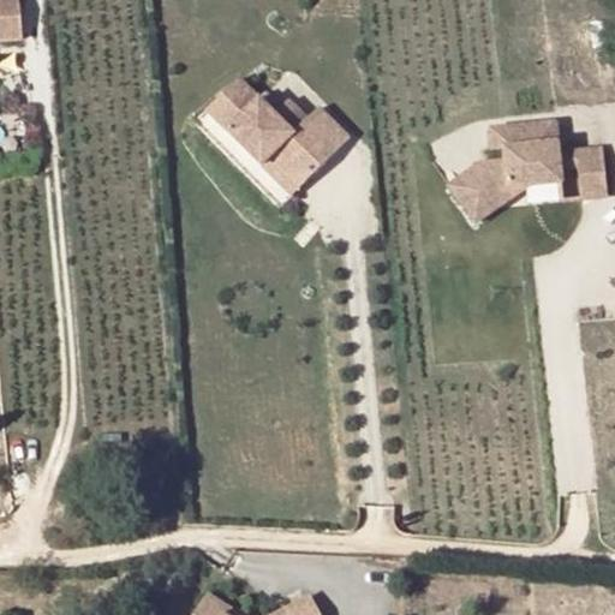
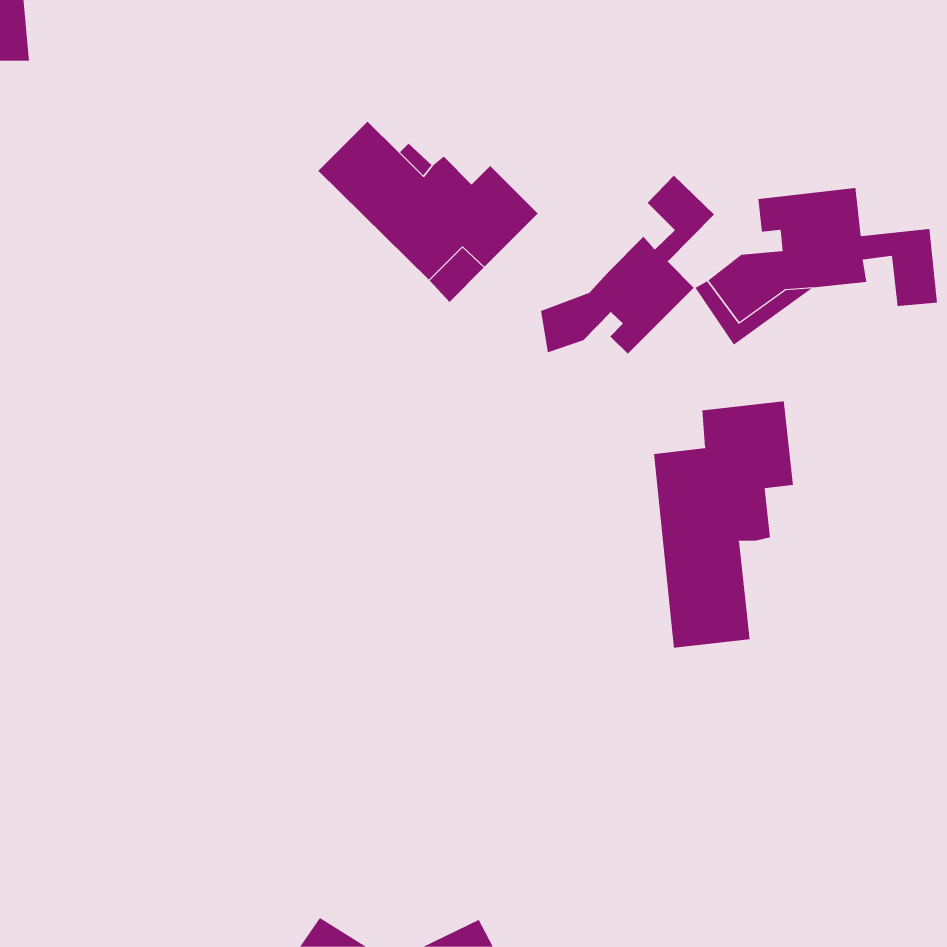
building: none -> [541,175,715,355]
building: none -> [653,401,794,648]

